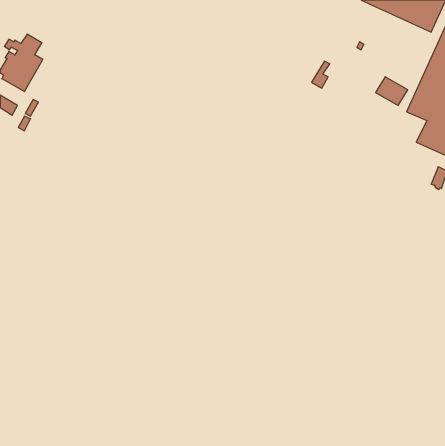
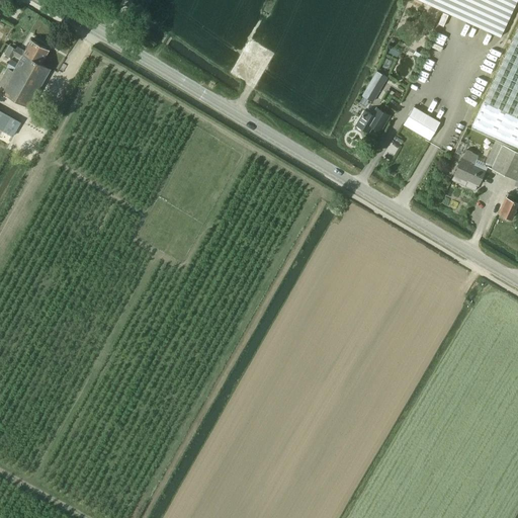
building: [376,77,408,106] -> [404,106,441,140]
building: none -> [358,106,391,131]
building: none -> [453,150,486,190]

